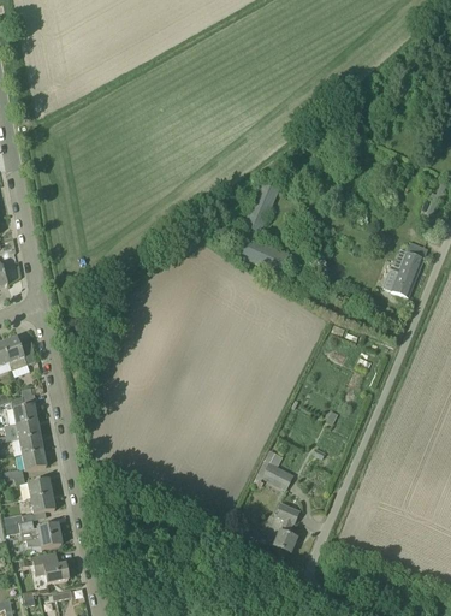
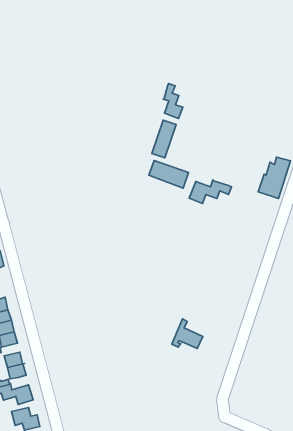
building: none -> [163,83,183,118]
building: none -> [189,180,232,203]
building: [273,502,299,551] -> none

